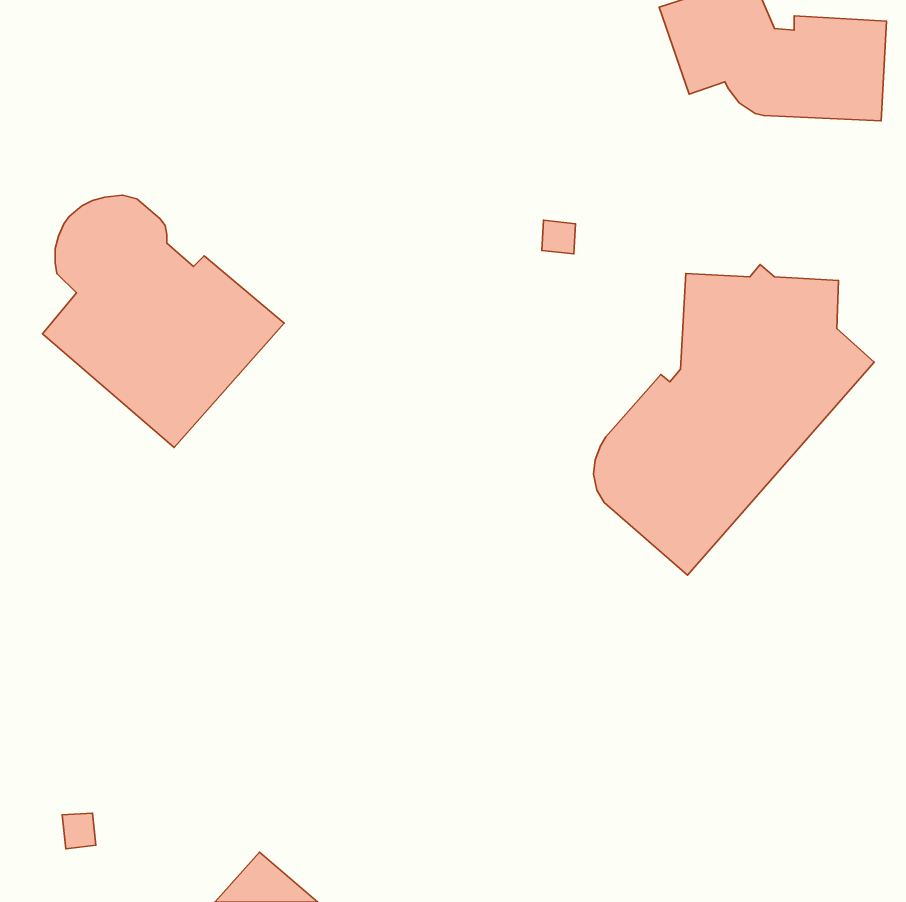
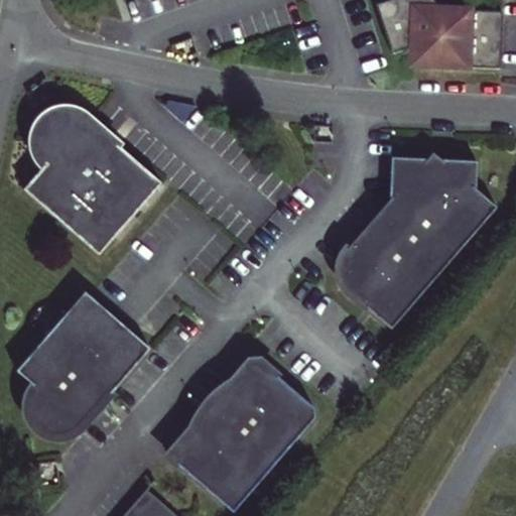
building: none -> [16,290,149,436]
building: none -> [170,359,311,508]

